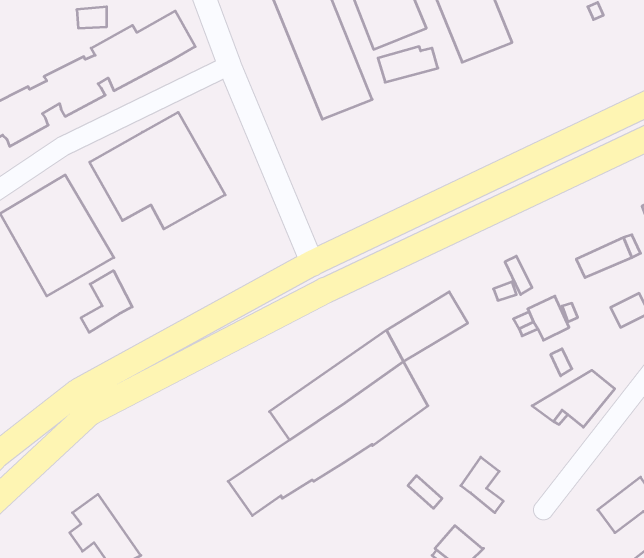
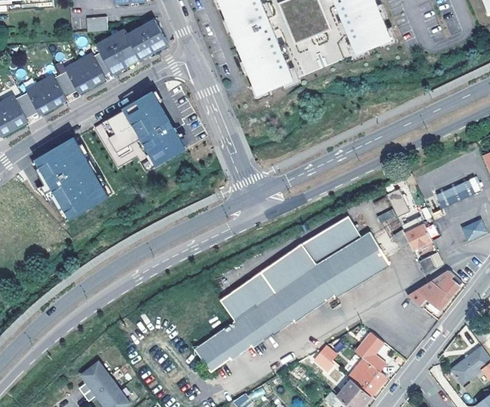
building: [81,271,132,332] -> none
building: none -> [314,232,388,298]
building: none -> [345,357,385,396]

